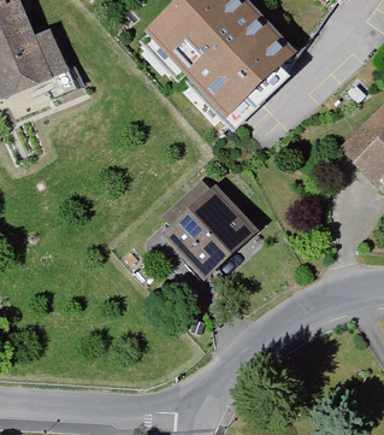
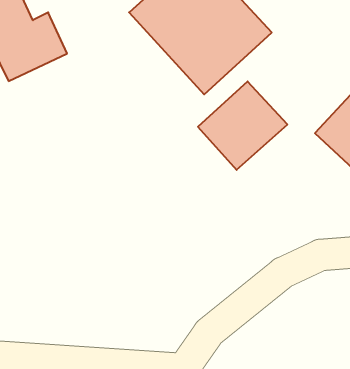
building: [161,183,259,280] -> [198,81,287,170]

